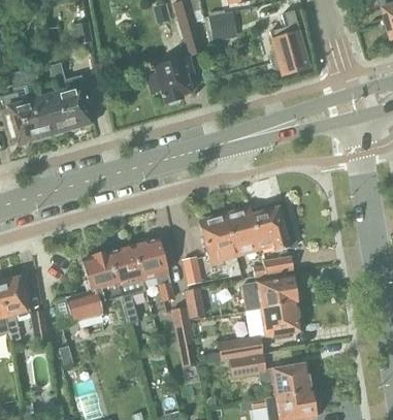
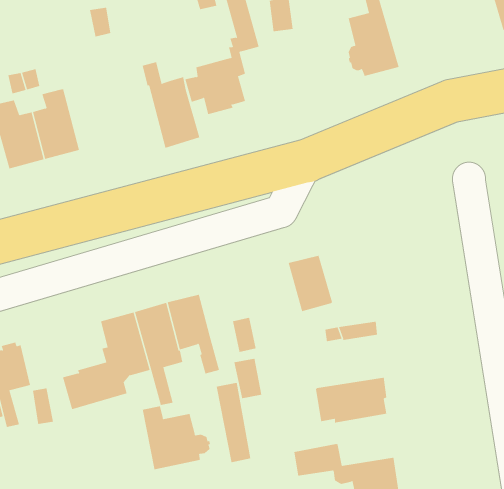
building: [50,63,94,129] -> [142,61,200,148]
building: [249,201,296,250] -> none
building: [200,215,240,276] -> none
building: [242,276,298,310] -> none
building: none -> [142,406,211,470]
building: [219,333,263,359] -> none

